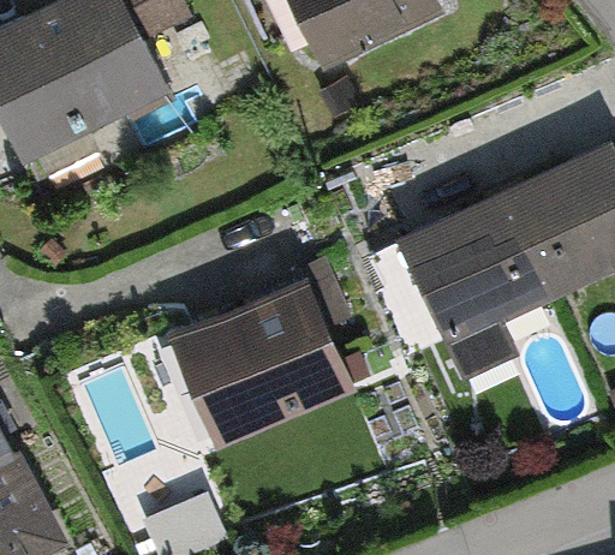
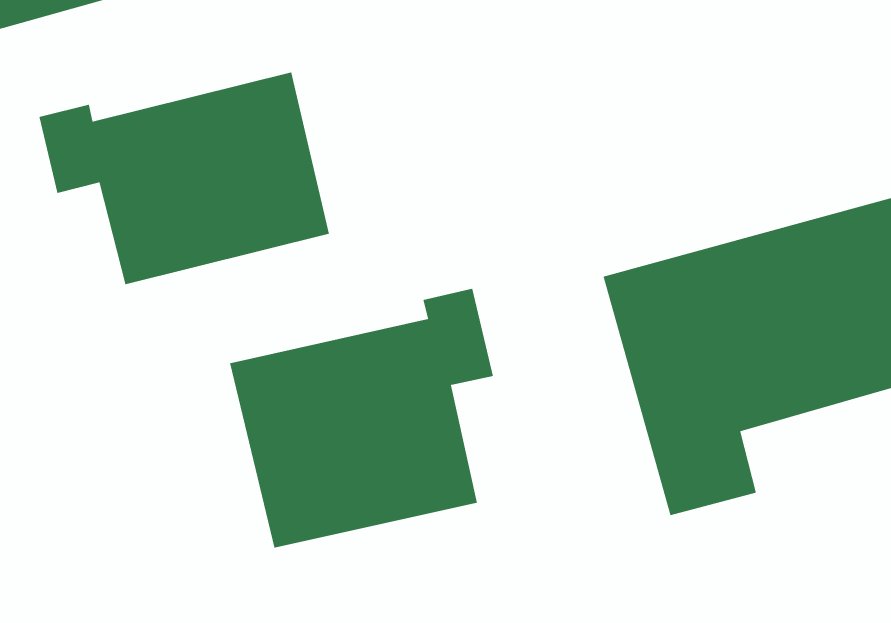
building: none -> [39,72,330,285]

